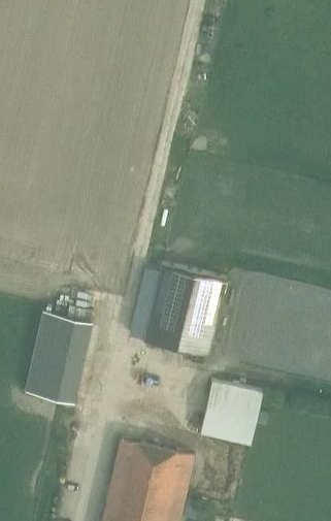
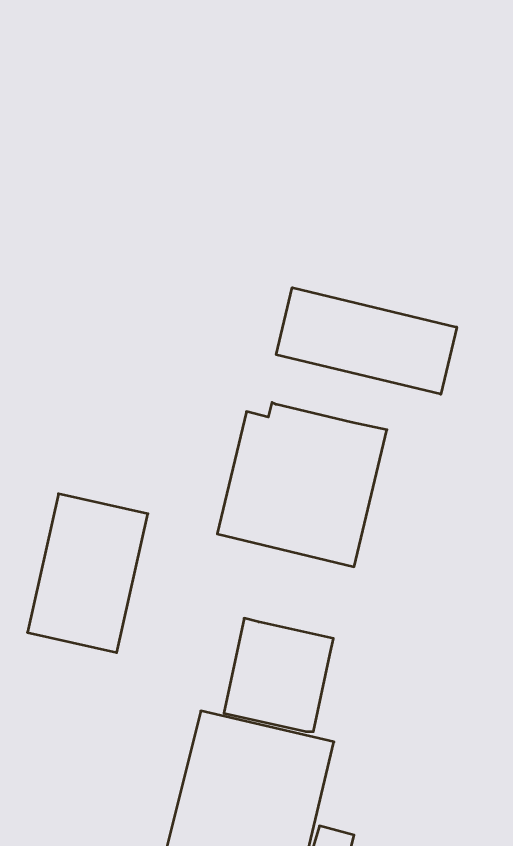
building: none -> [276,288,457,394]
building: [201,381,263,445] -> [224,618,333,732]

